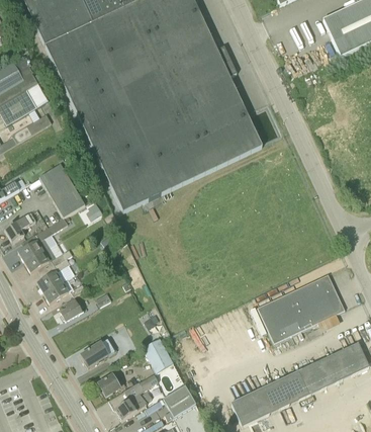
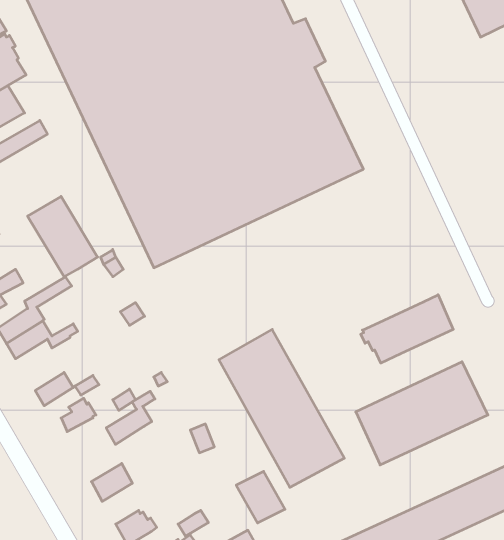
building: none -> [361,295,453,363]
building: none -> [219,329,344,487]
building: [37,258,70,293] -> [106,391,155,444]
building: [142,338,174,372] -> [236,471,285,523]

